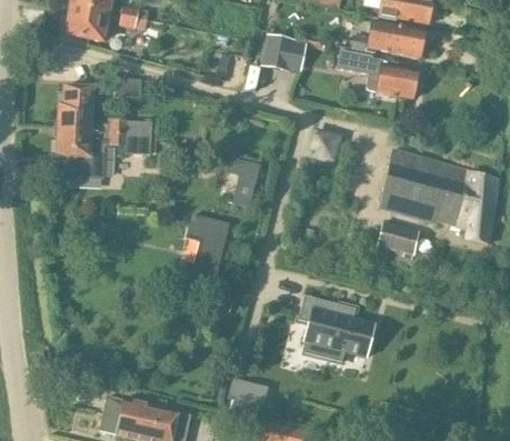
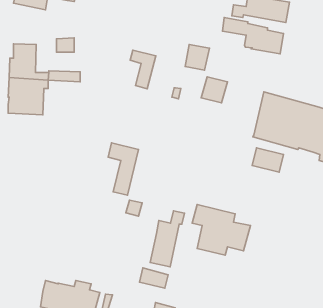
building: [262,36,294,69] -> [185,45,210,70]
building: [109,132,151,154] -> none
building: [227,157,260,208] -> [130,50,156,89]
building: none -> [150,211,184,267]

